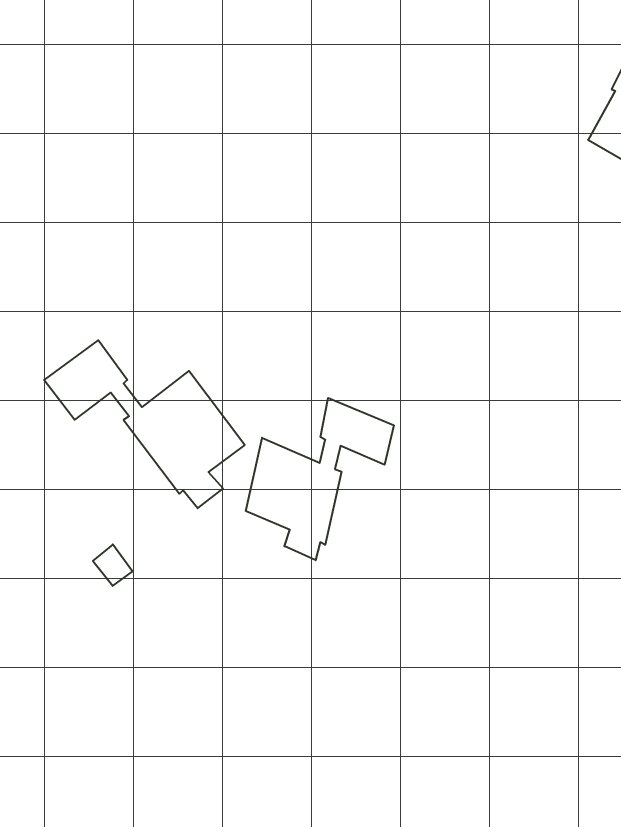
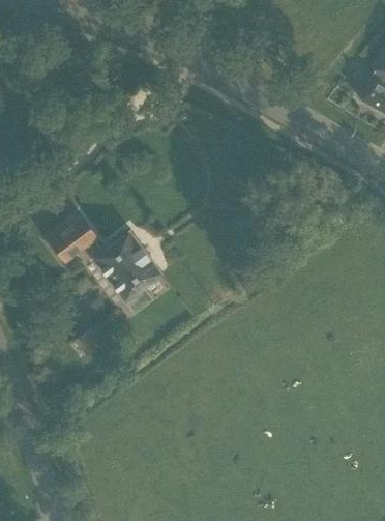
building: [246,398,394,560] -> none

